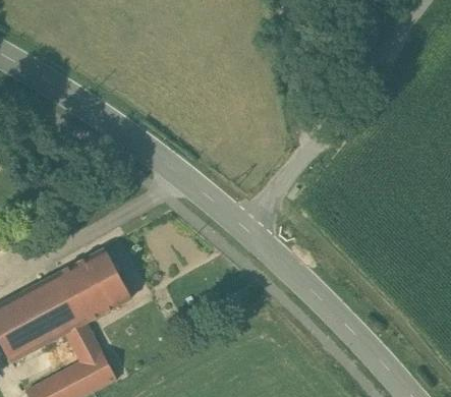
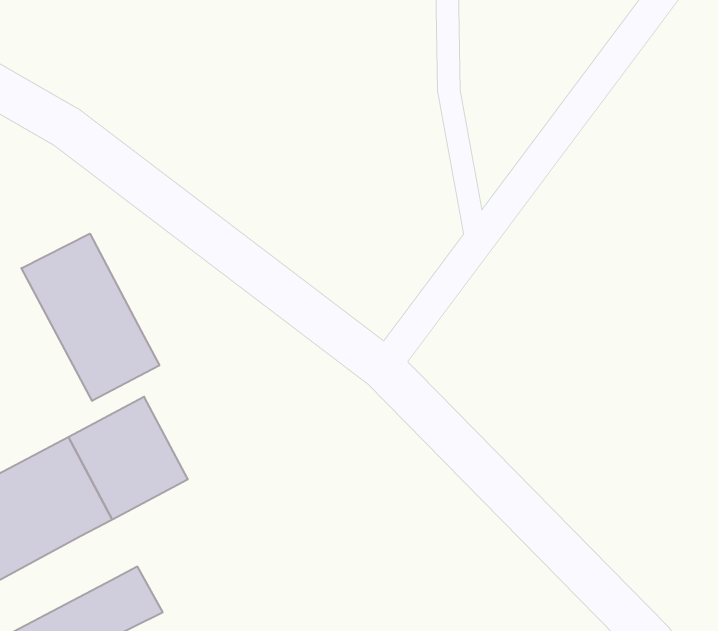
building: none -> [21,234,159,401]
building: [65,324,100,362] -> none

